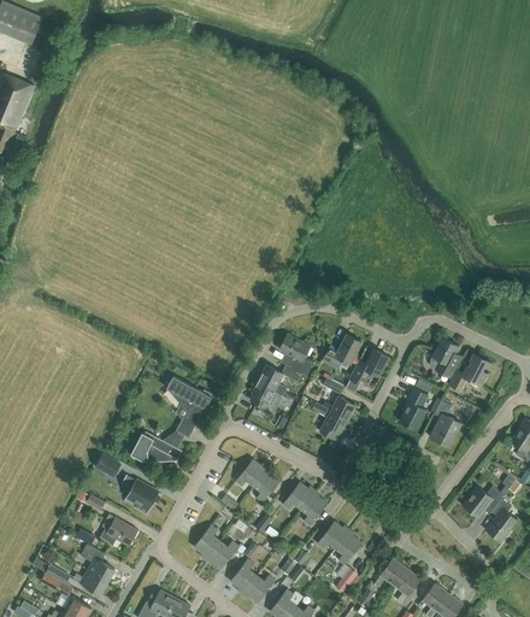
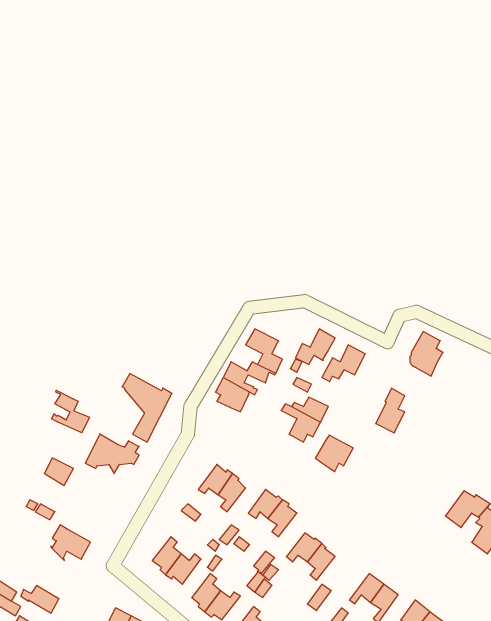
building: [442,354,493,392] -> none
building: none -> [52,390,89,433]
building: [430,400,460,447] -> none
building: none -> [316,435,353,472]
building: [122,475,161,516] -> none
building: [81,543,116,582] -> none

